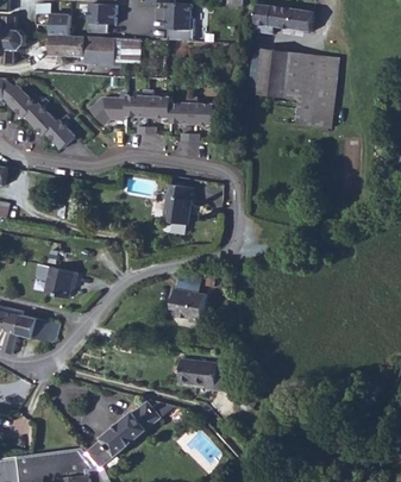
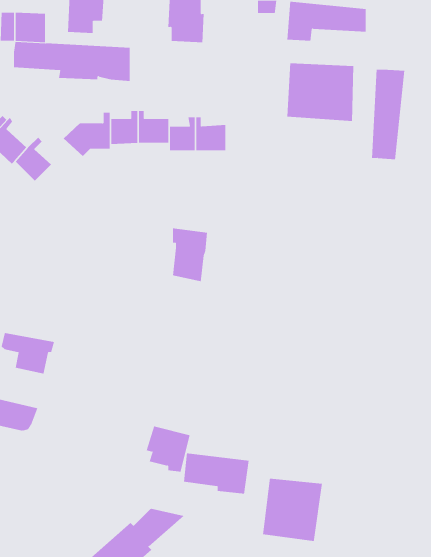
building: [303,57,324,129] -> none
building: [170,286,205,321] -> [146,426,190,472]
building: none -> [263,478,322,542]

